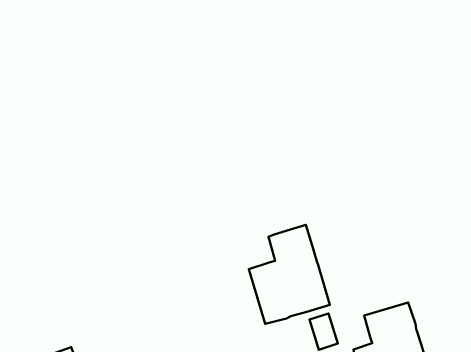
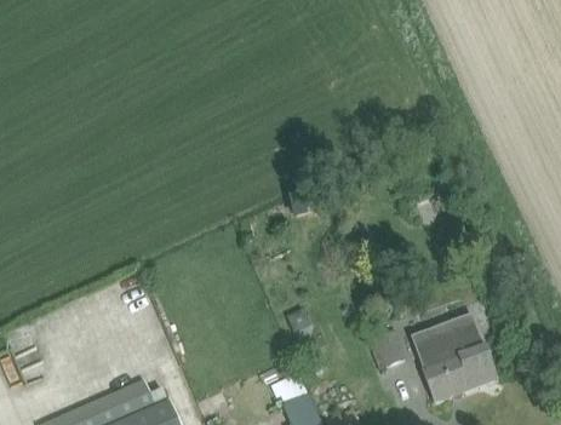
building: [249,225,330,324] -> none

